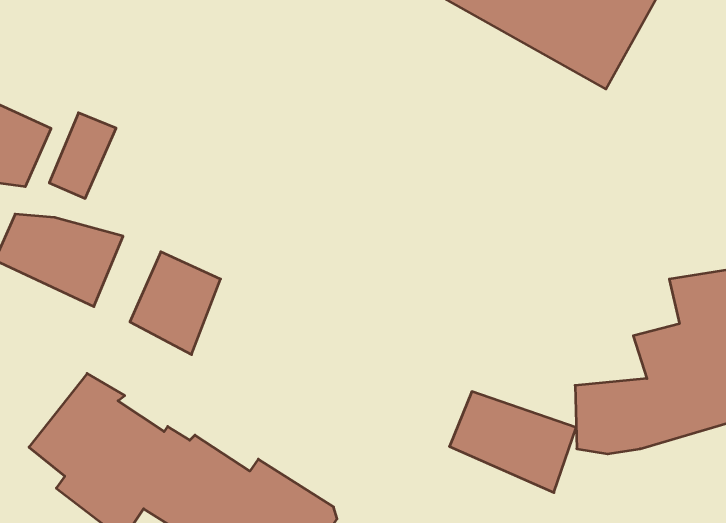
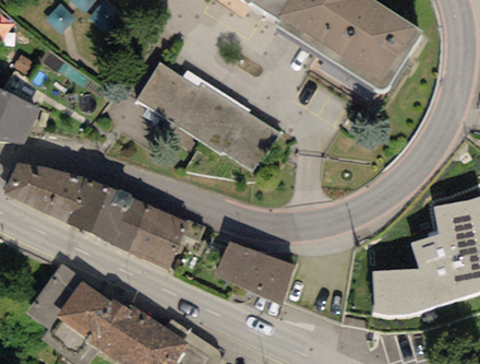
building: none -> [118,64,272,184]
building: [49,113,116,198] -> [67,176,109,231]
building: none -> [129,203,206,270]
building: [449,392,576,493] -> [215,240,296,305]

